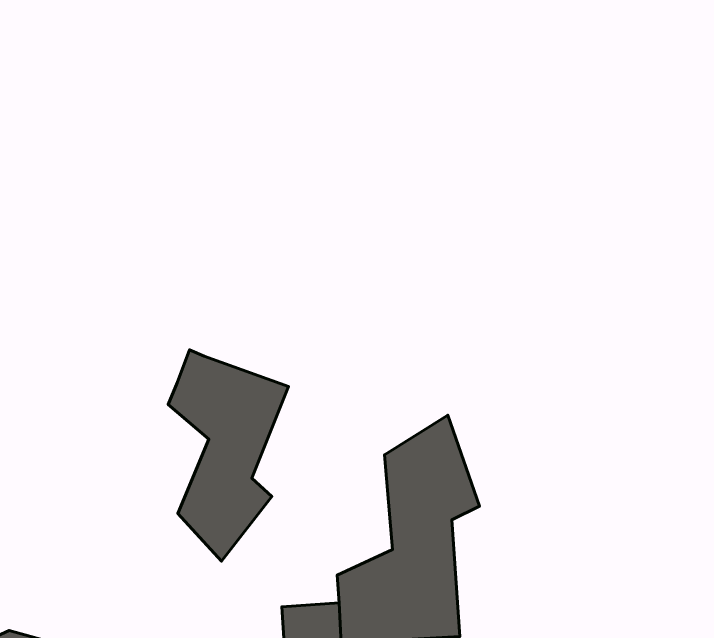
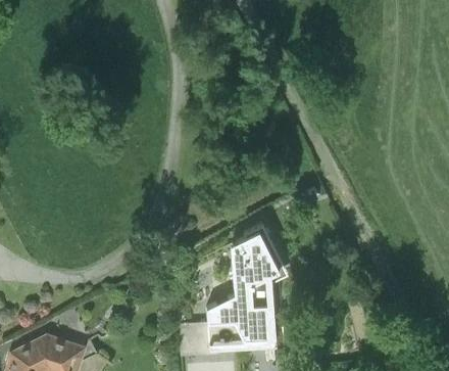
building: [168,350,288,561] -> none

